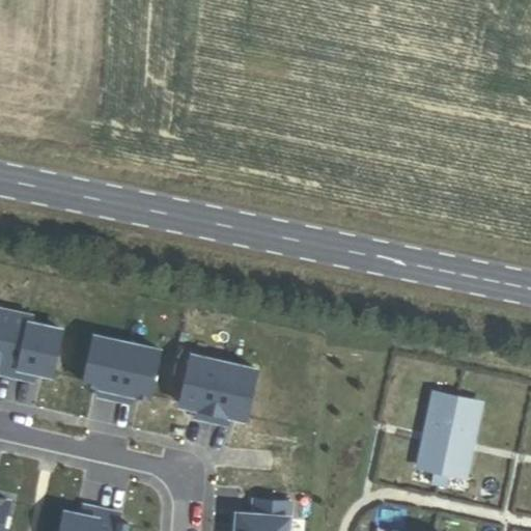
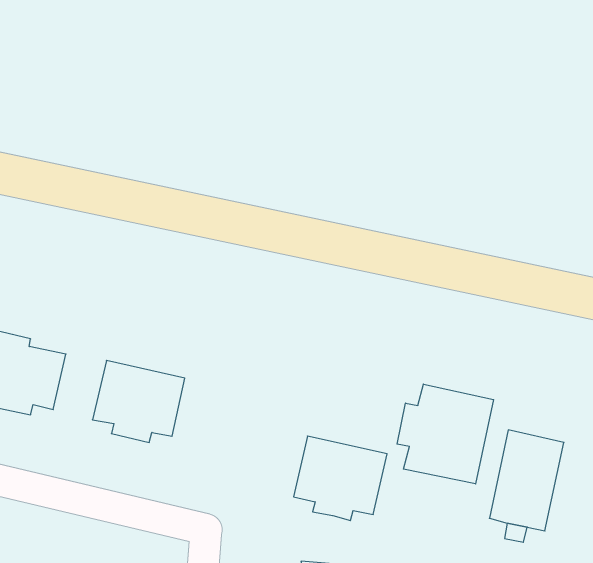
building: none -> [397,384,494,484]
building: [181,355,258,424] -> [294,436,387,521]

